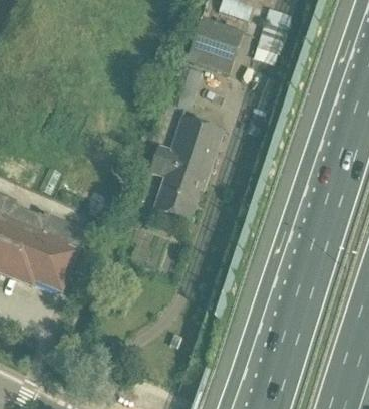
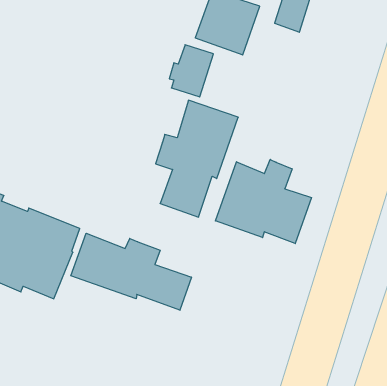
building: none -> [215,159,311,244]
building: none -> [71,233,191,310]

